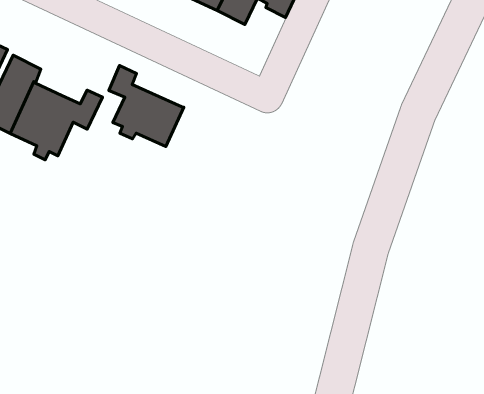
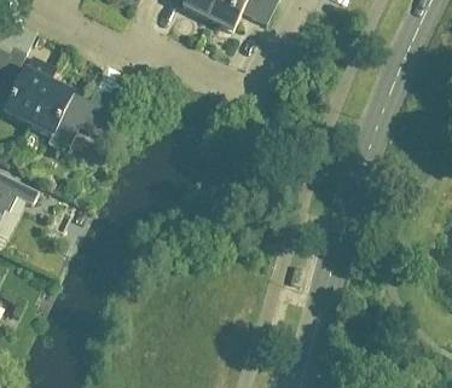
building: [109,66,184,146] -> none

